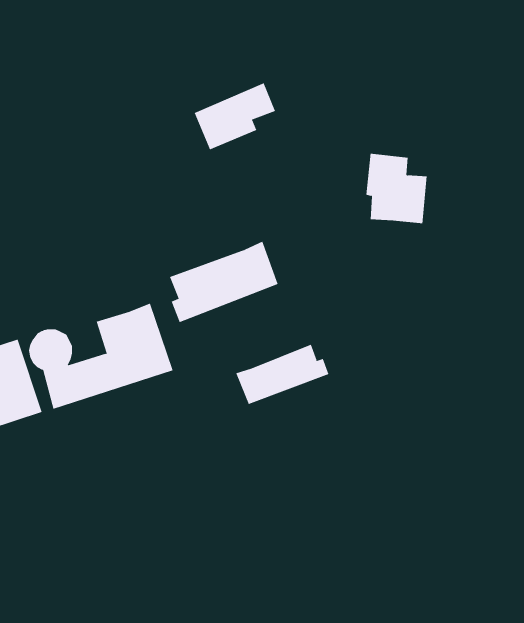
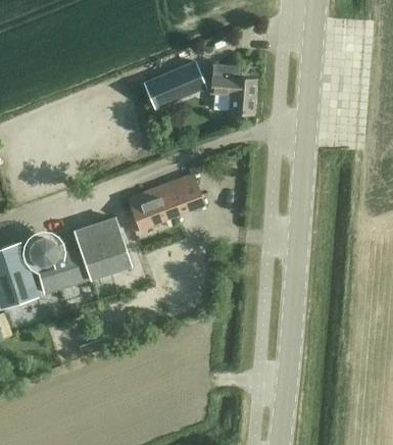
building: [366,153,427,224] -> [210,63,254,113]
building: [236,344,329,405] -> none

